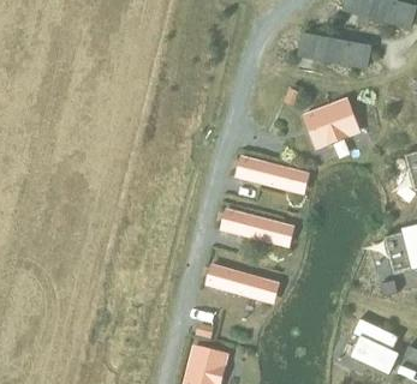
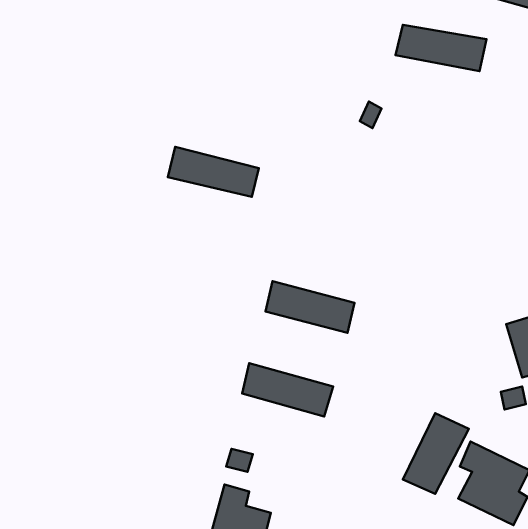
building: [303,98,352,148] -> none
building: [236,156,297,190] -> [168,147,259,197]
building: none -> [403,413,469,494]

